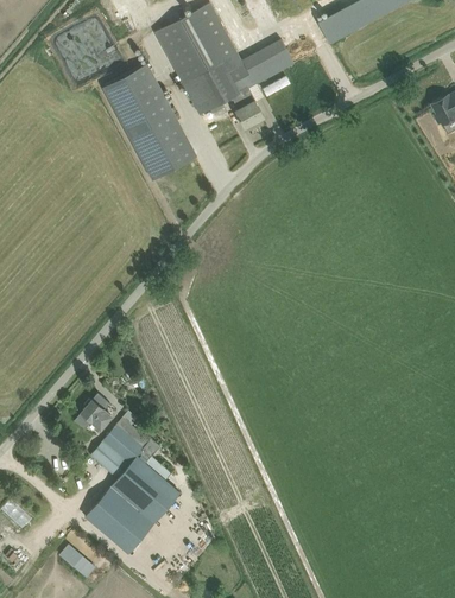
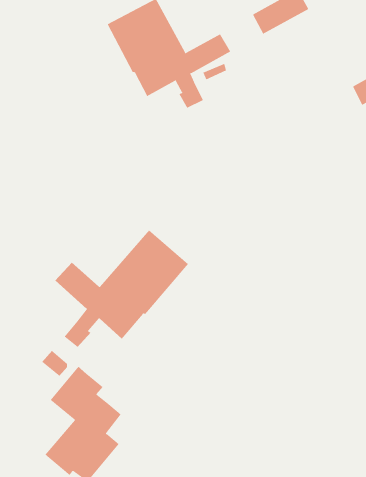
building: [105,64,196,179] -> none
building: none -> [55,229,189,348]

